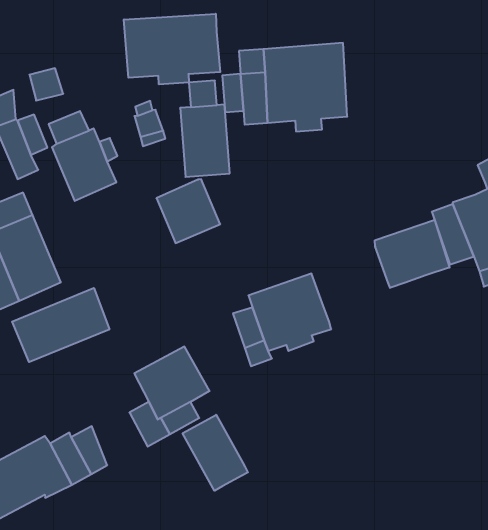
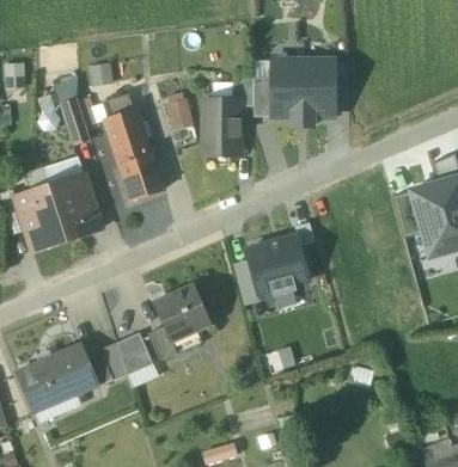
building: [124,14,220,84] -> none
building: [156,179,220,243] -> [117,154,165,202]
building: [375,220,450,288] -> none
building: [12,288,109,362] -> none
building: none -> [117,332,153,374]
building: [183,415,248,491] -> none

